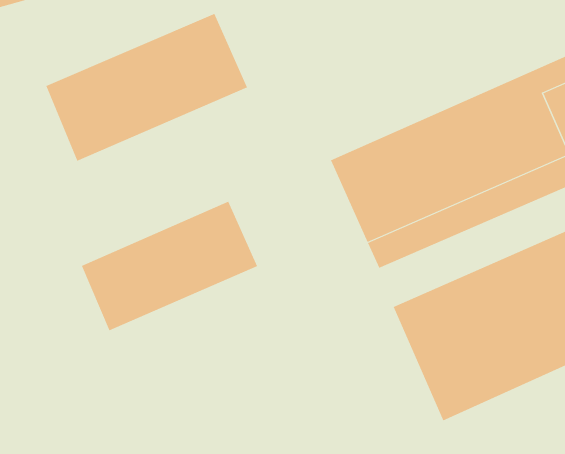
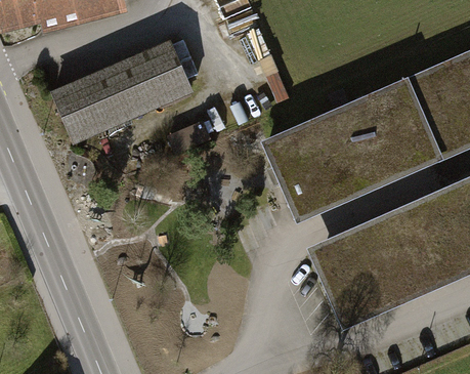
building: [81,201,258,331] -> none

